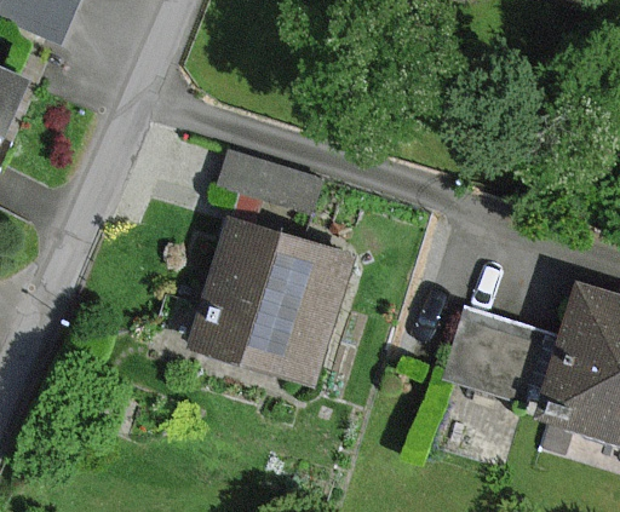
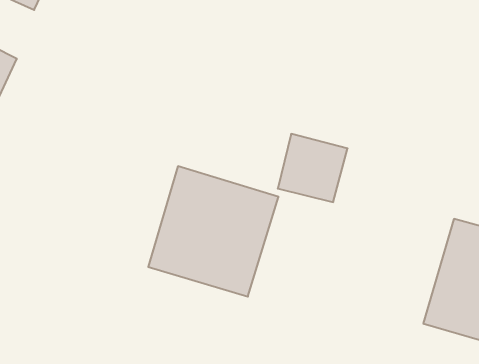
building: [441,295,529,381] -> [278,134,348,202]

